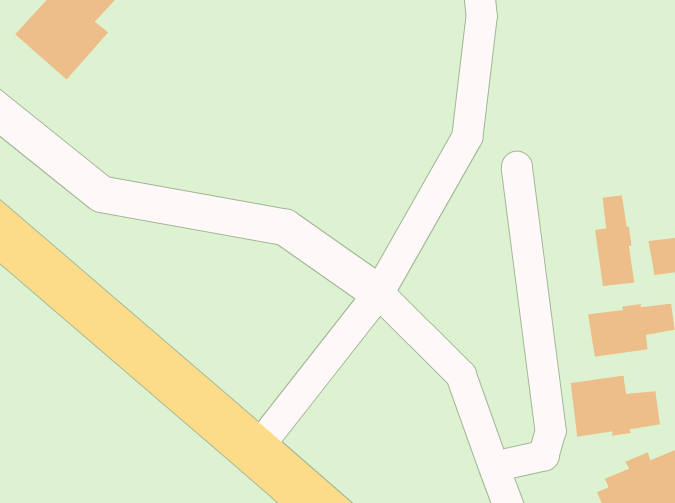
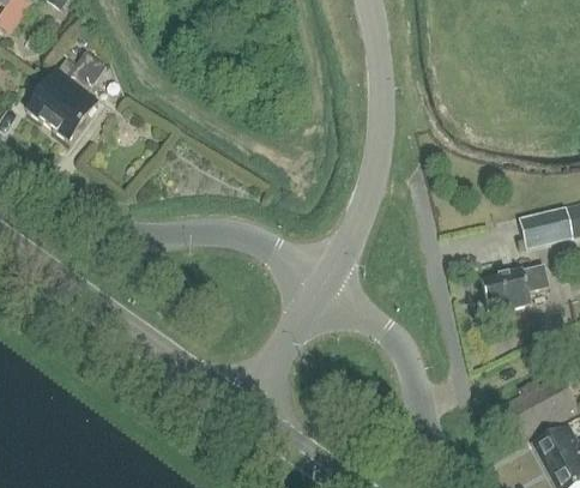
building: [594,194,635,287] -> none
building: [570,375,661,437] -> none

